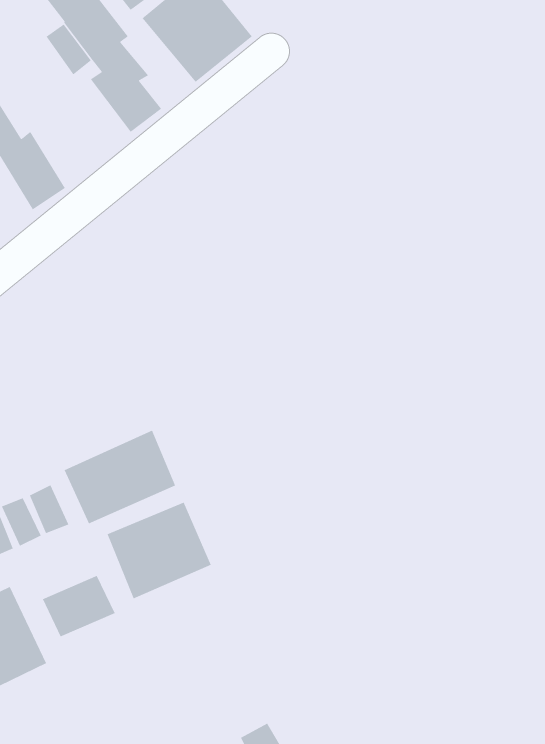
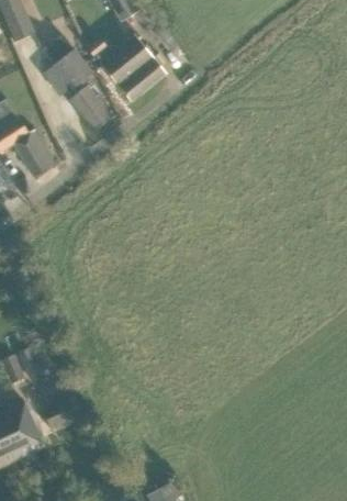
building: [63,429,176,525] -> none
building: [106,501,212,599] -> none

